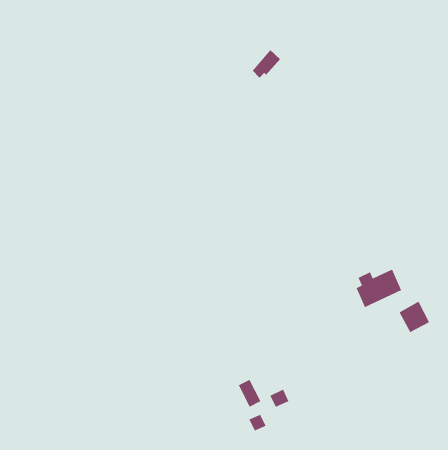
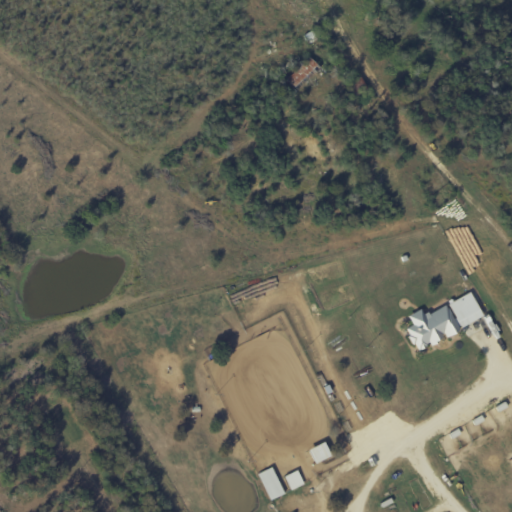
building: [398,301,430,333] -> [448,291,484,328]
building: [238,379,261,408] -> [258,467,285,500]

